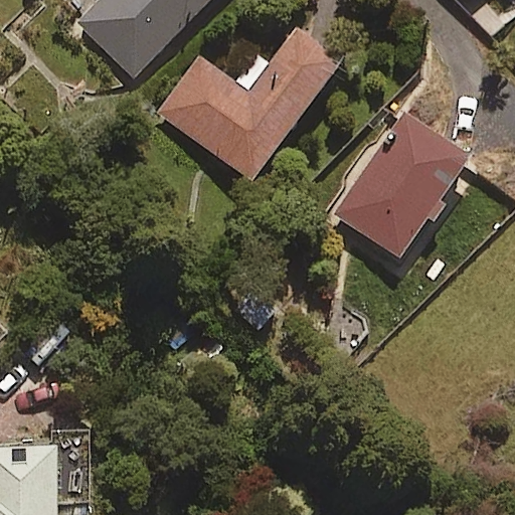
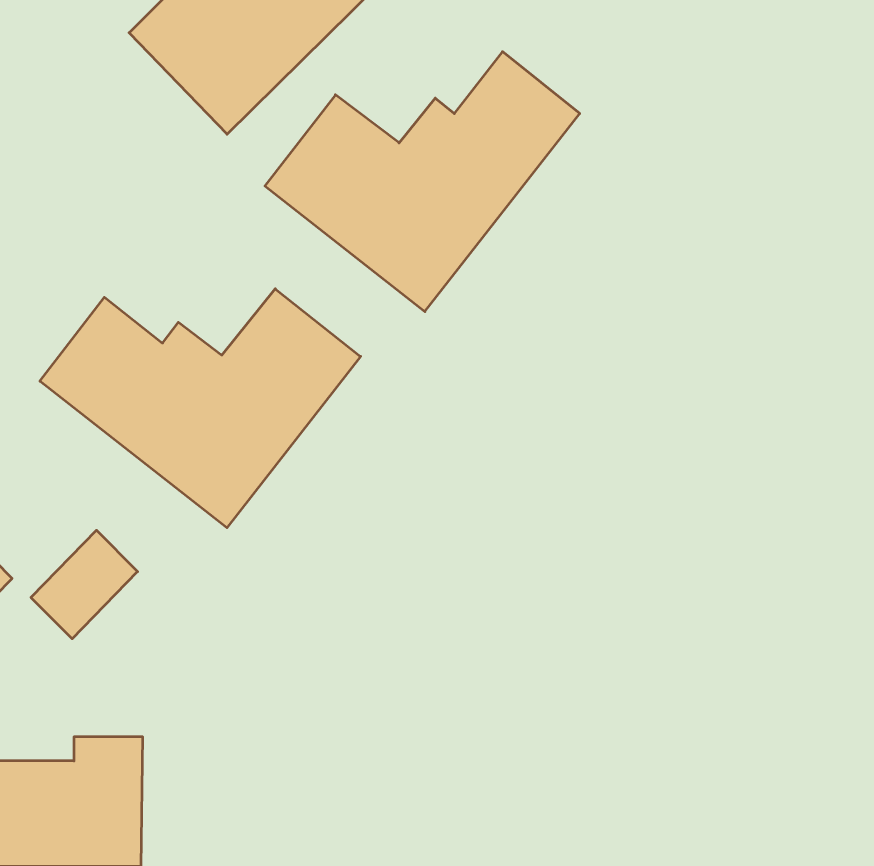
building: [331,115,467,260] -> none
building: none -> [40,289,361,528]

